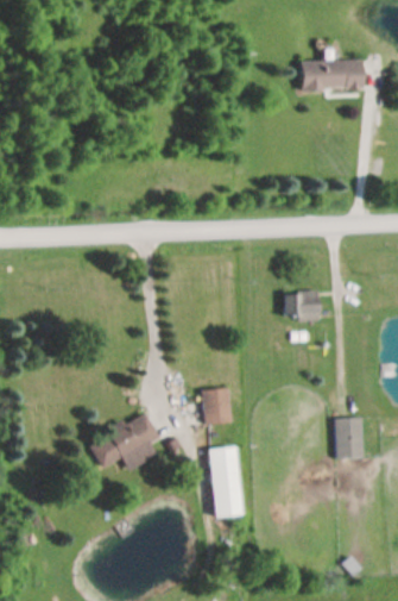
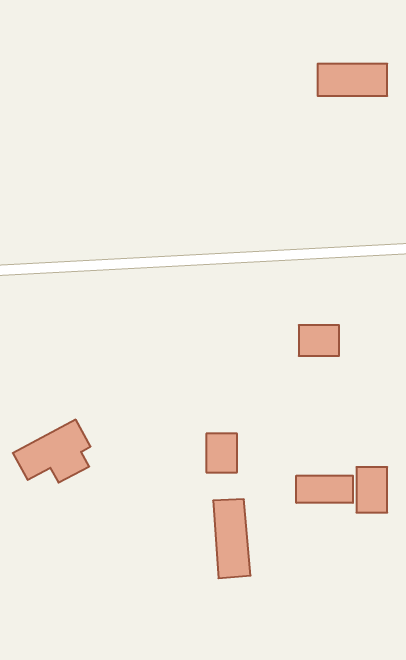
building: [89,414,158,470] -> [13,420,91,483]
building: none -> [296,476,353,503]

